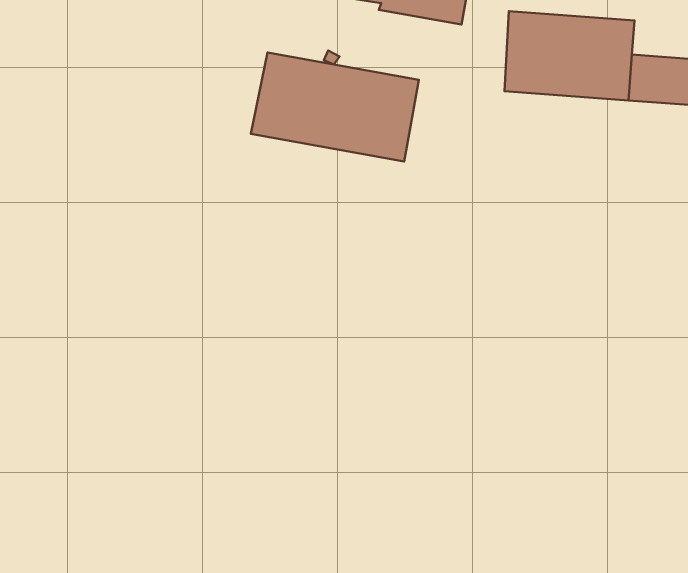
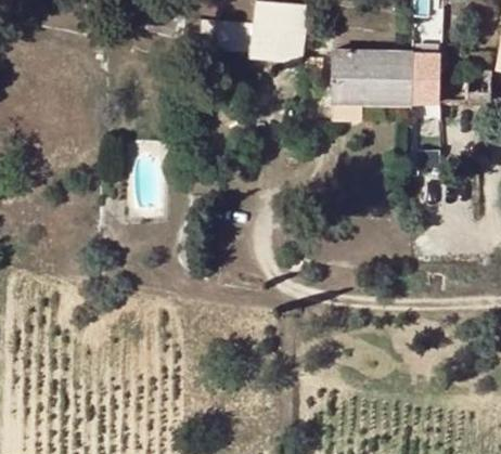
building: [251,53,419,161] -> none

